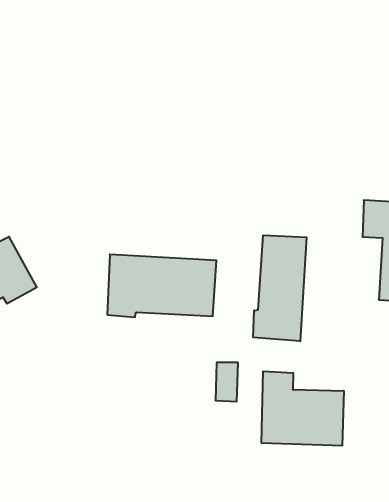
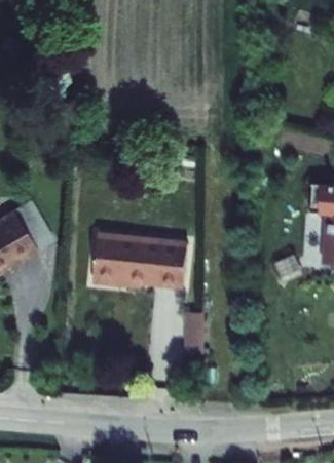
building: [253,235,306,341] -> none
building: [261,371,344,446] -> none

